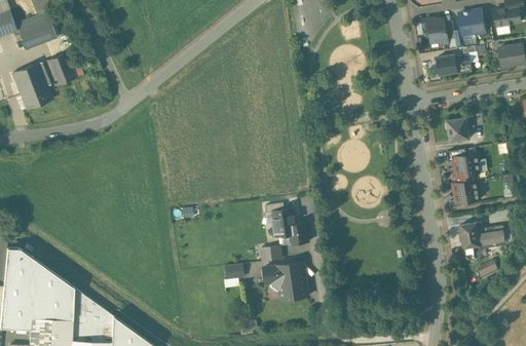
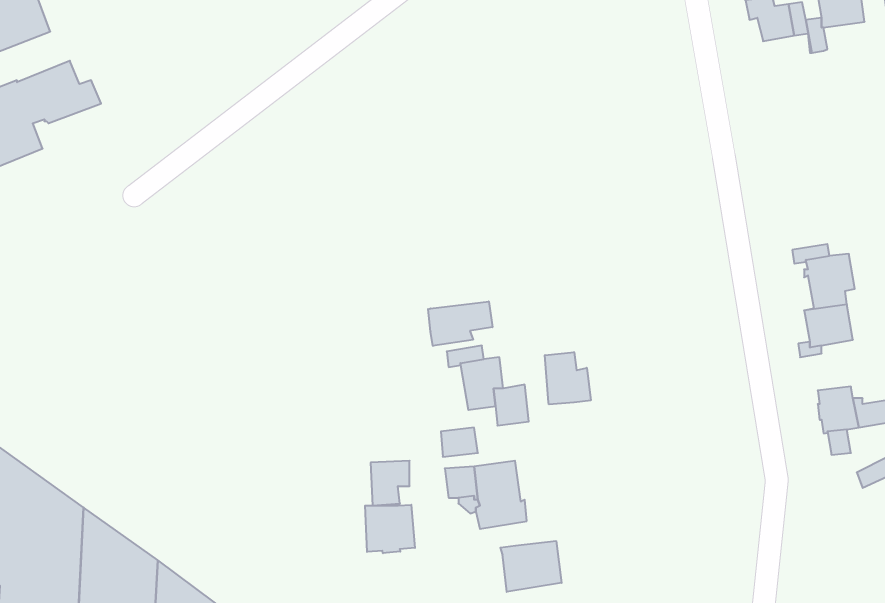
building: [437,55,471,75] -> none
building: [445,118,468,142] -> none
building: none -> [428,301,492,346]
building: none -> [545,352,591,404]
building: none -> [365,505,415,553]
building: none -> [500,541,562,592]

